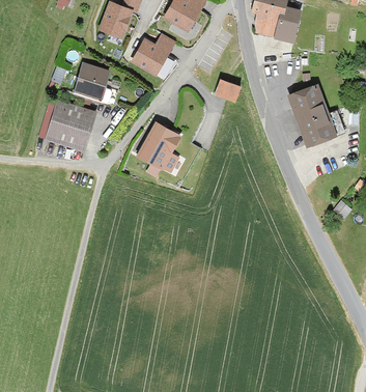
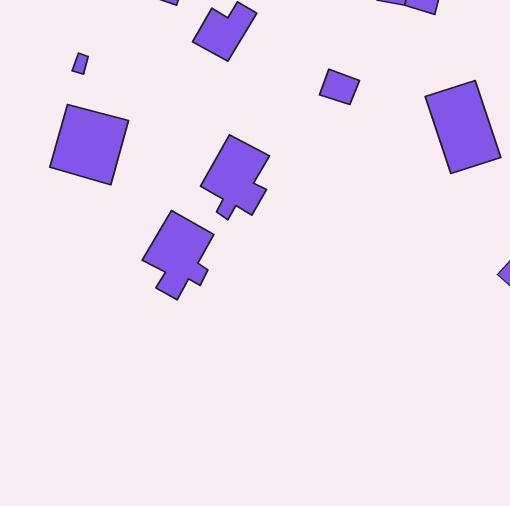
building: [73,63,106,99] -> none
building: none -> [142,211,214,300]

